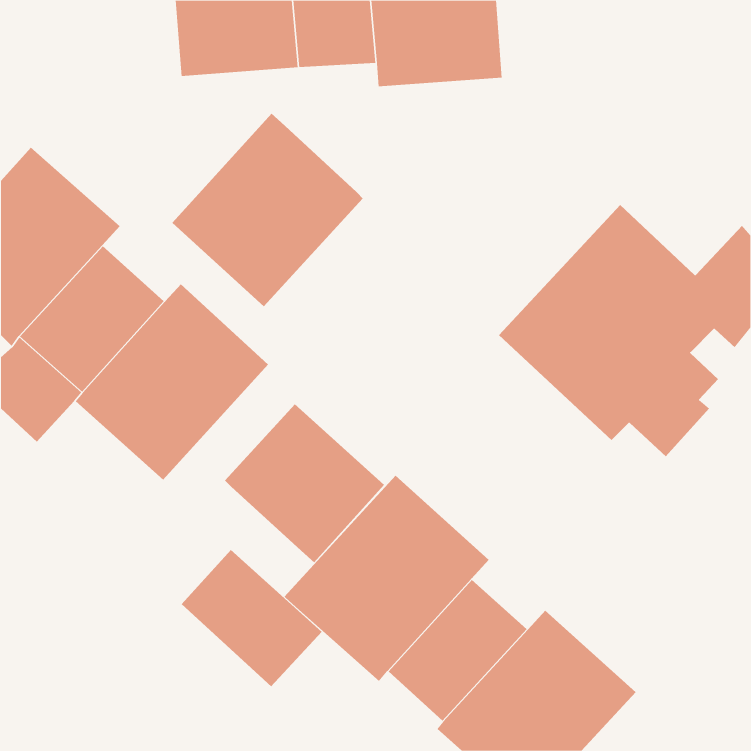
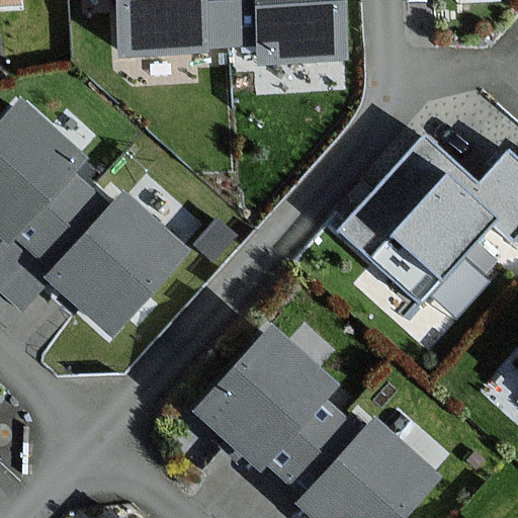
building: [171,113,364,307] -> none
building: [224,403,385,563] -> none
building: [181,549,323,687] -> none

